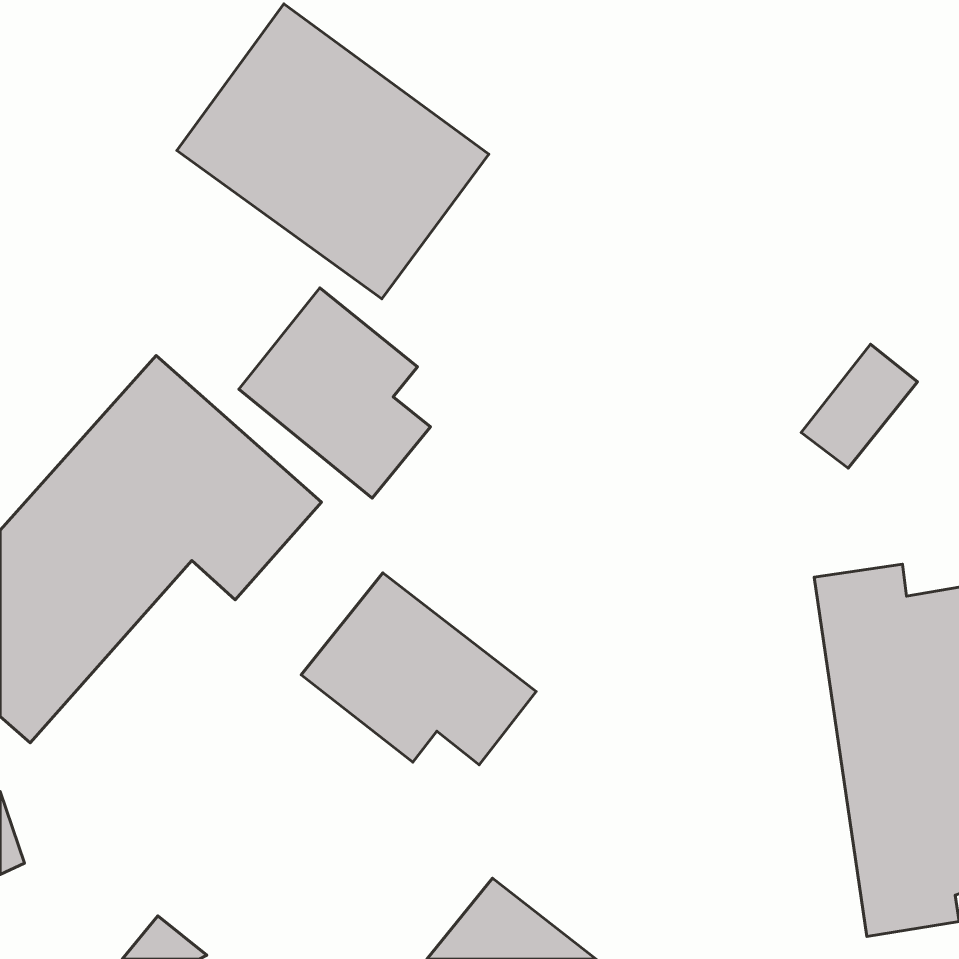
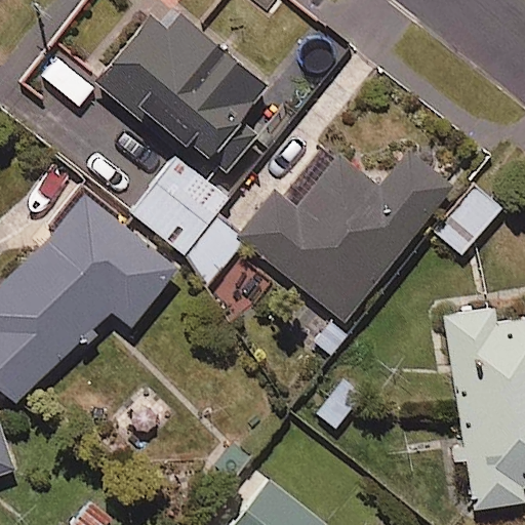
building: none -> [238,147,452,323]
building: [301,573,536,765] -> none

